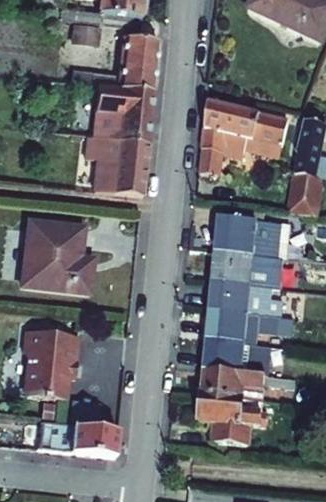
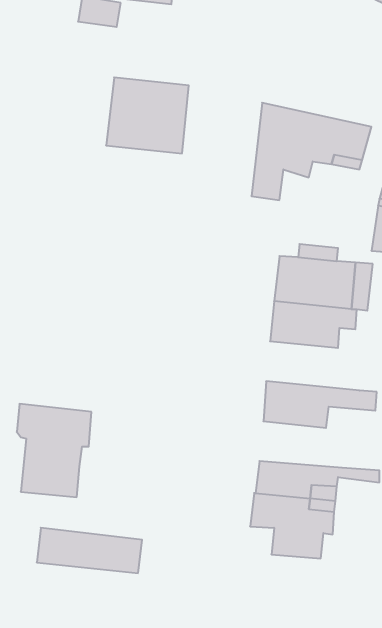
building: [71,34,157,89] -> none
building: [85,134,147,194] -> none
building: [20,220,89,292] -> none
building: [210,281,282,318] -> none
building: [205,341,270,376] -> none

